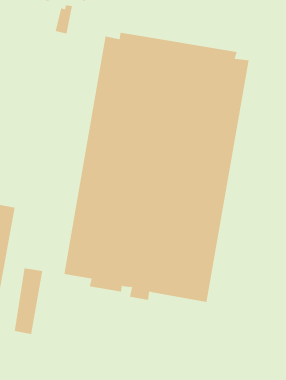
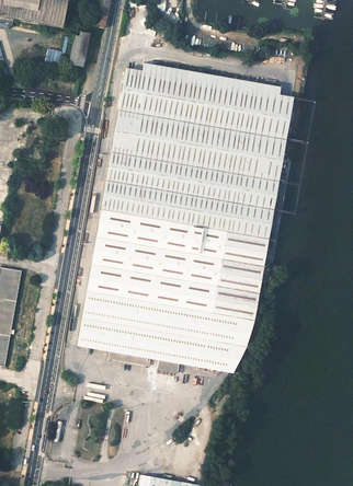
building: [14,268,43,335] -> none

